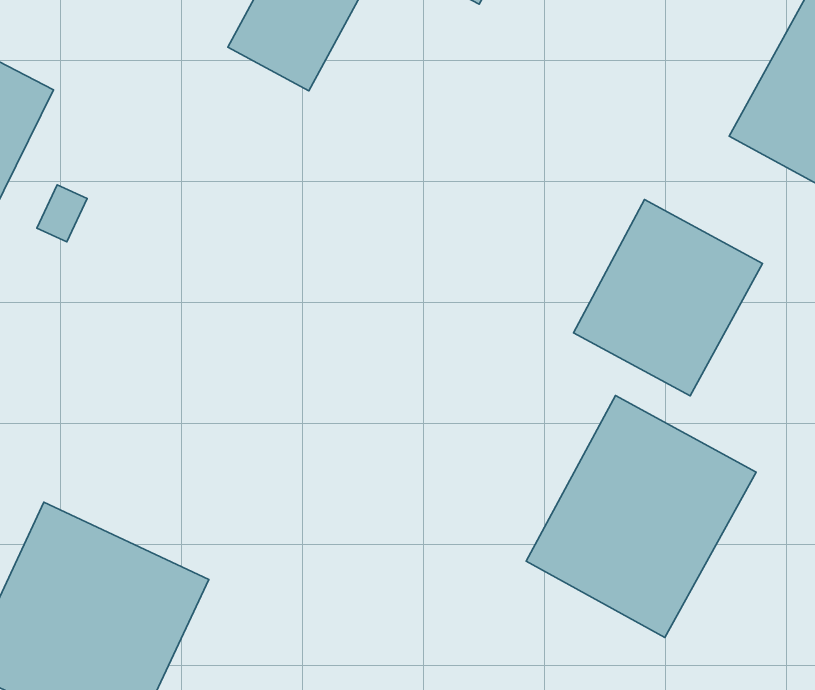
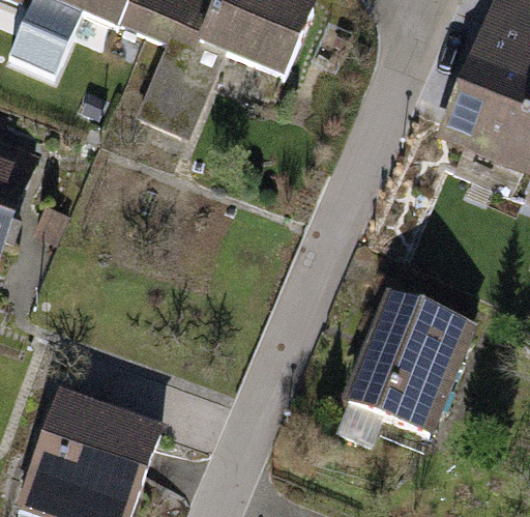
building: [573,199,762,396] -> none

